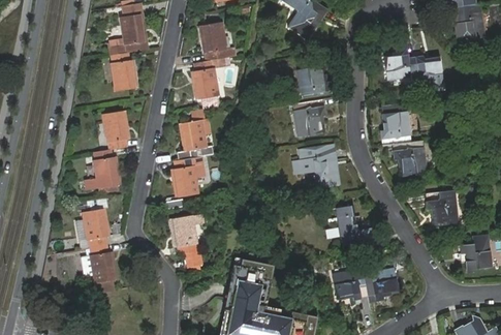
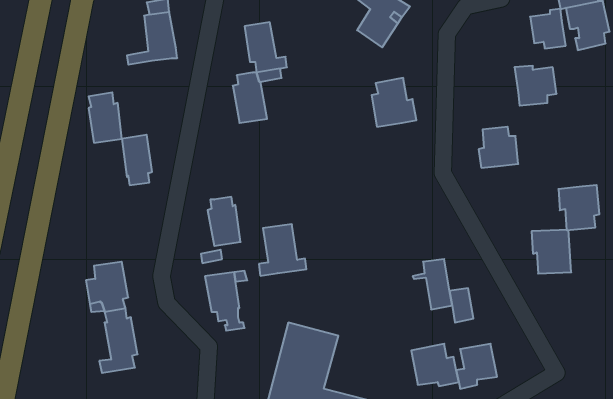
building: [386,47,414,78] -> [530,9,566,48]
building: [109,51,135,90] -> [89,92,122,143]
building: [293,99,326,136] -> none
building: [176,119,213,159] -> [259,224,306,276]
building: [396,130,428,165] -> [558,185,599,230]
building: [302,144,345,190] -> none
building: [83,148,119,186] -> none
building: [453,231,483,264] -> none

